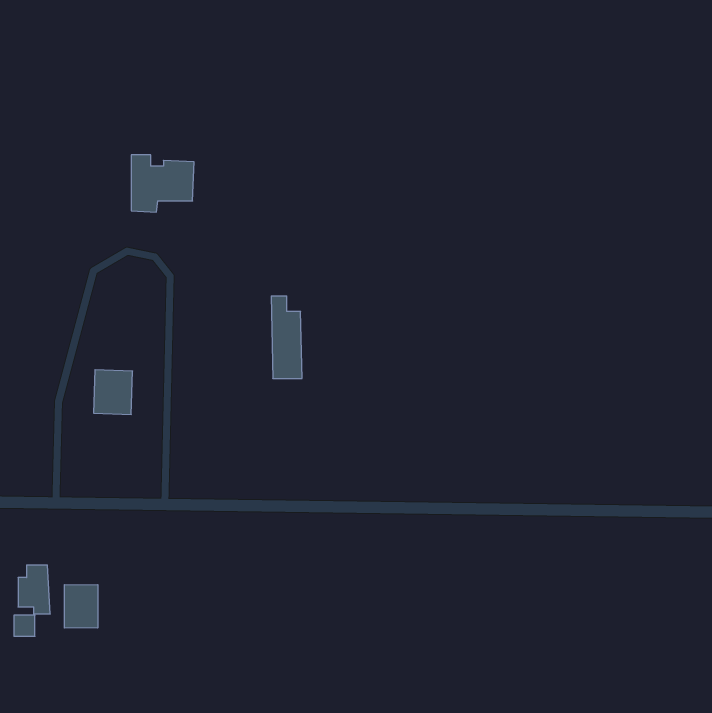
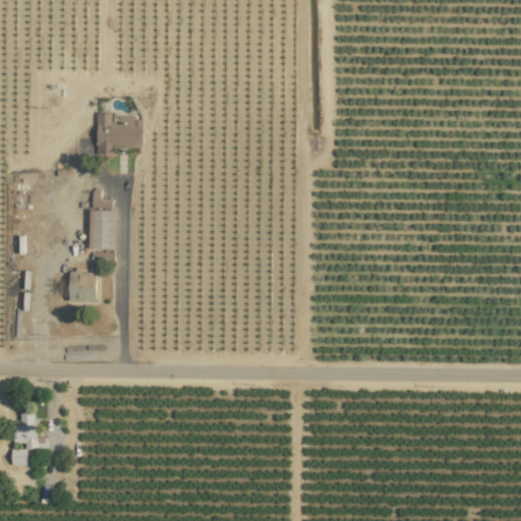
building: [271,296,302,378] -> [90,188,112,248]
building: [64,585,98,628] -> none

